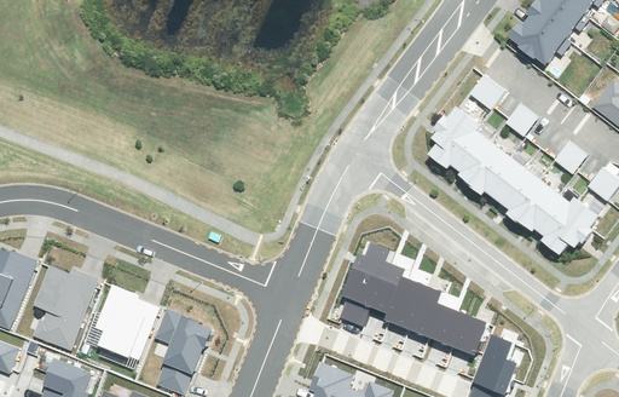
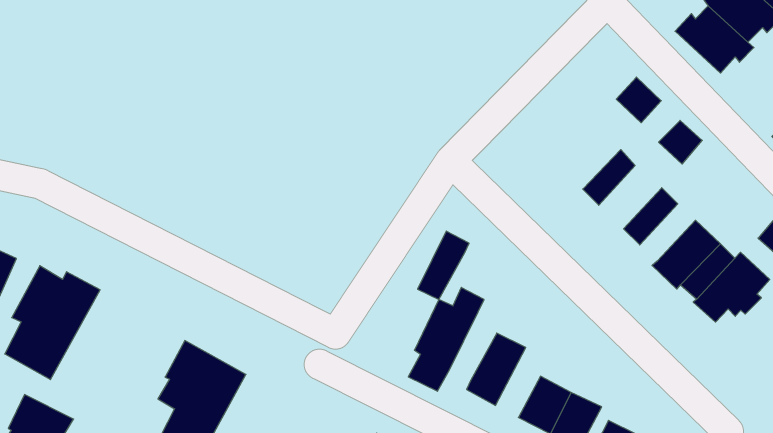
building: [430,107,481,167] -> none
building: [463,140,511,191] -> none
building: [555,140,588,173] -> none
building: [499,166,539,211] -> none
building: [366,263,401,315] -> [418,231,469,300]
building: [94,280,156,362] -> none
building: [404,286,440,339] -> none

